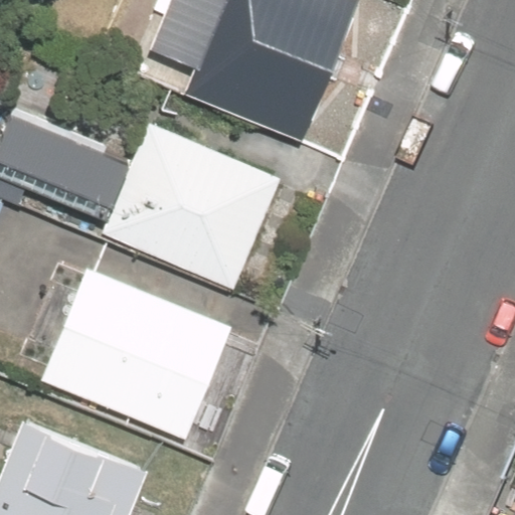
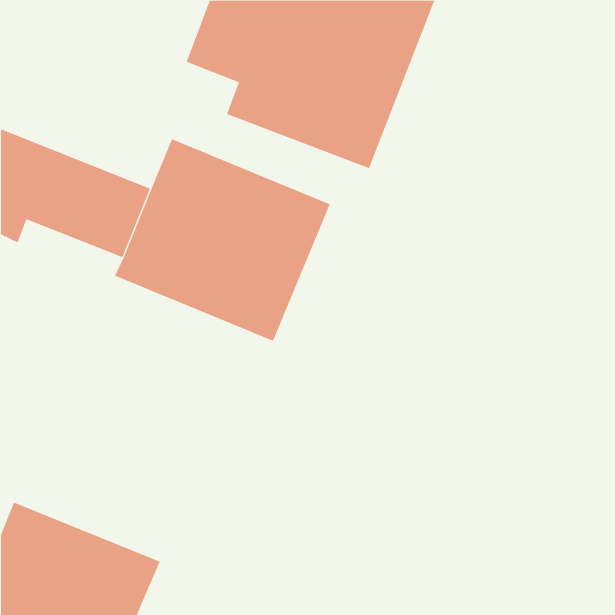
building: [38,266,229,438] -> none

